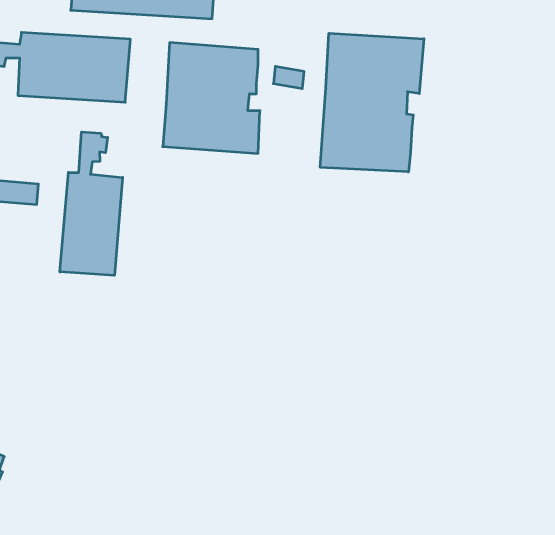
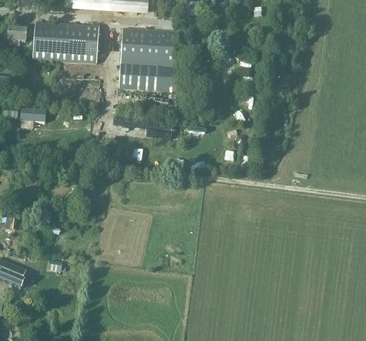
building: [320,33,424,172] -> none
building: [60,132,123,275] -> none

